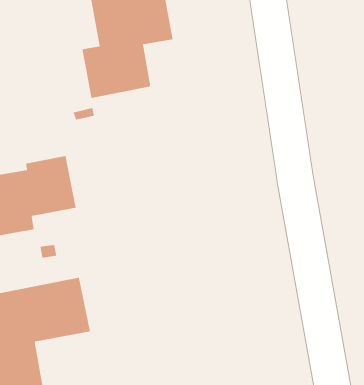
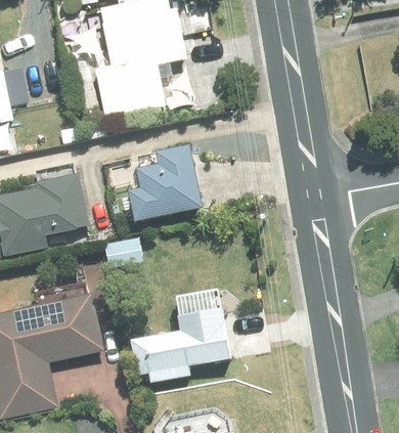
building: none -> [128,144,221,221]
building: none -> [130,308,232,383]

